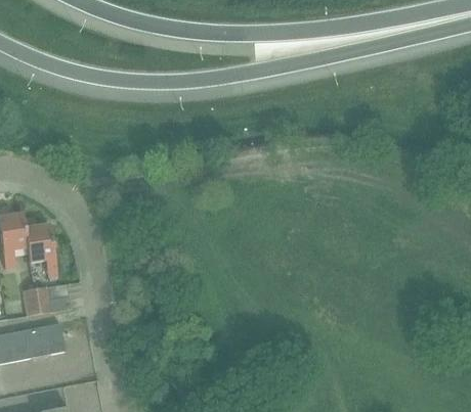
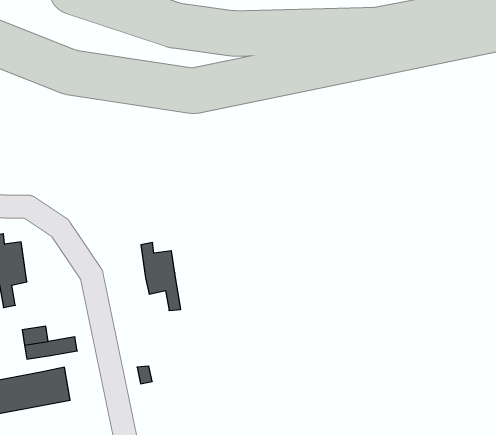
building: [23,218,57,277] -> [141,243,181,311]

